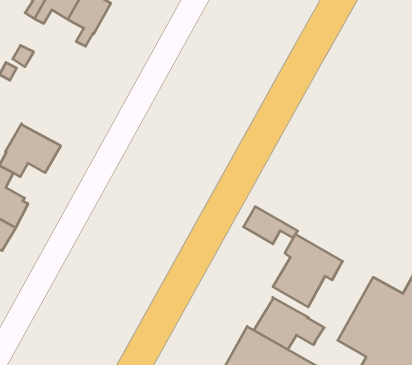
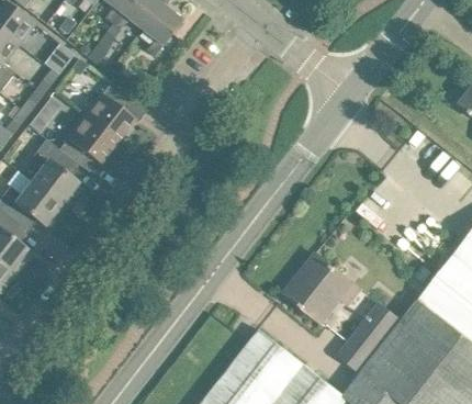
building: none -> [86,83,135,142]
building: [243,207,298,244] -> none
building: [254,297,324,349] -> none

